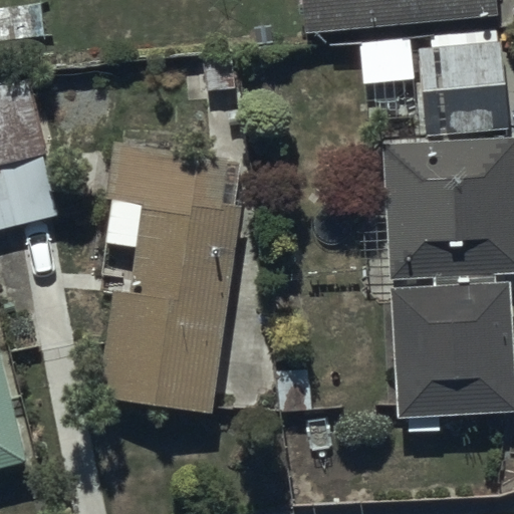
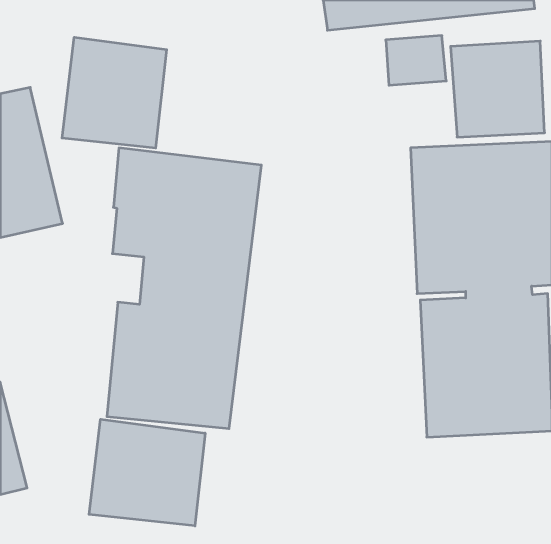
building: none -> [62,37,167,148]
building: none -> [89,419,205,526]

